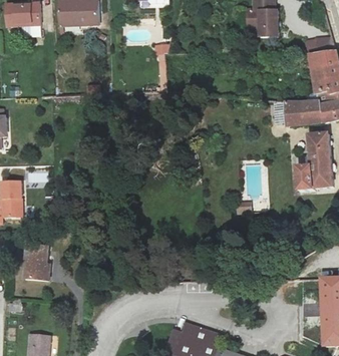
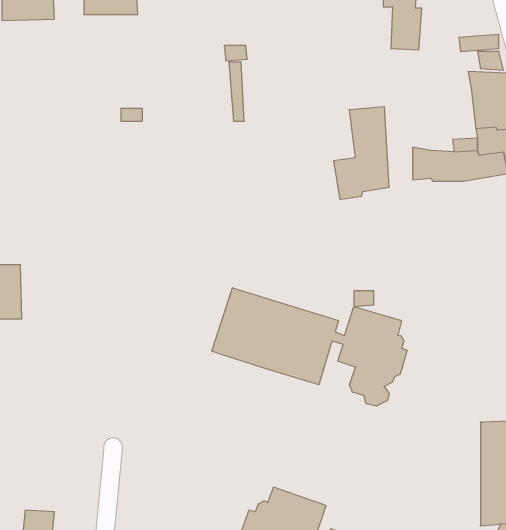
building: [295,137,331,198] -> [334,107,389,199]
building: none -> [212,288,407,406]
building: [23,249,47,286] -> none

